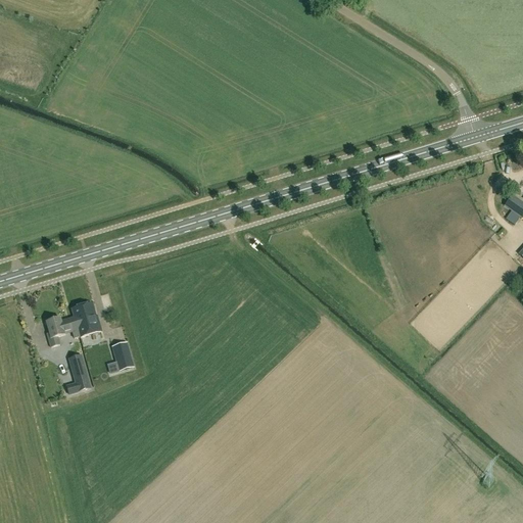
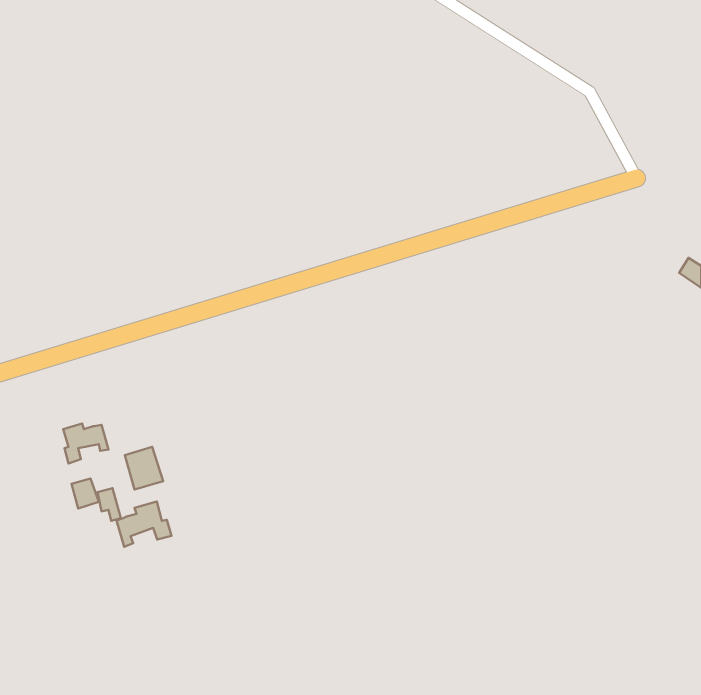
building: [73,300,102,336] -> none
building: none -> [116,502,172,547]

